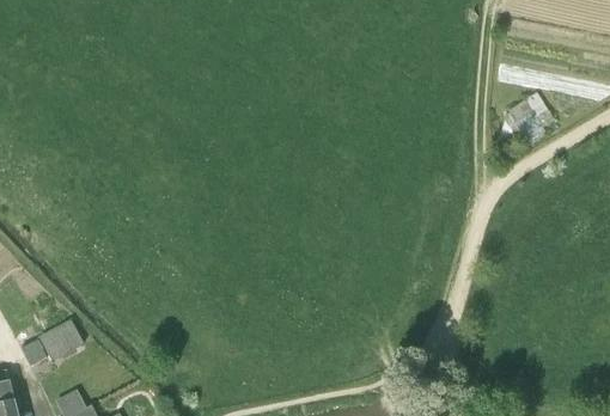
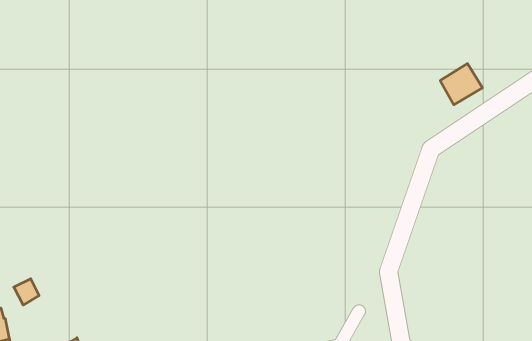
building: [38,319,84,360] -> none

